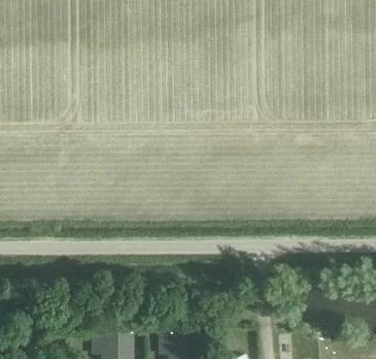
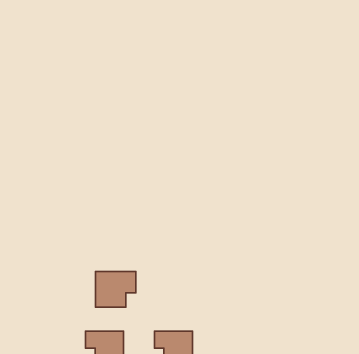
building: none -> [96,272,136,307]

